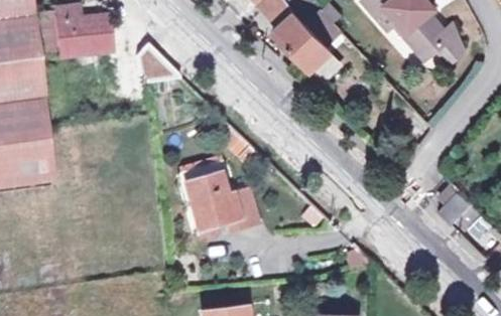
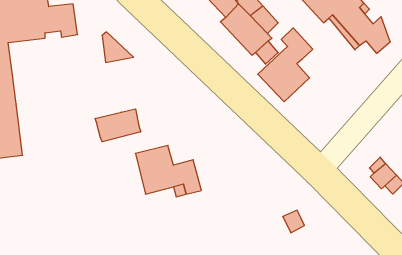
building: none -> [258,28,313,102]
building: none -> [95,109,141,142]

